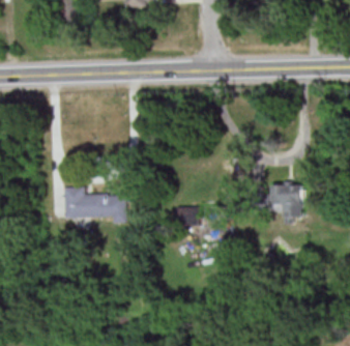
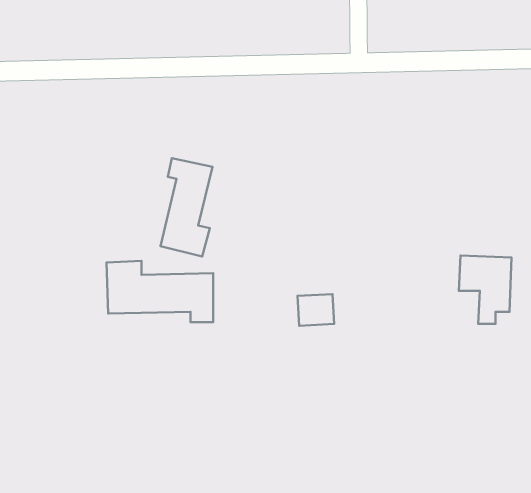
building: none -> [160,158,212,257]

